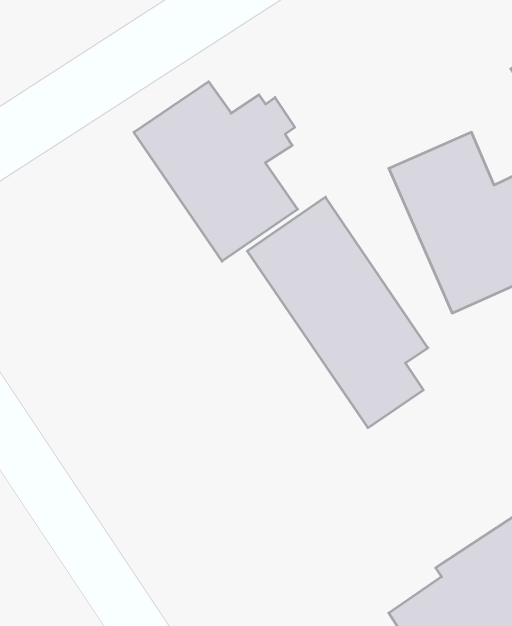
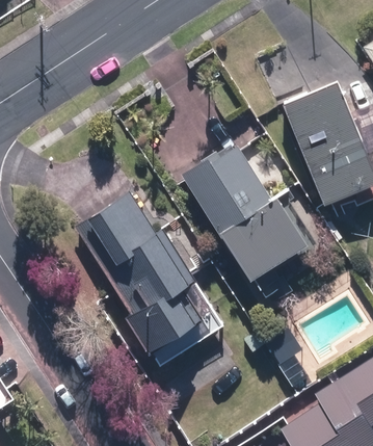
building: [134,82,298,261] -> none
building: none -> [73,193,202,348]

